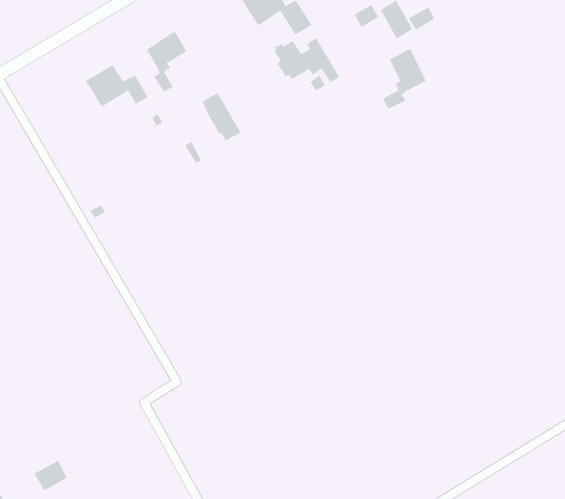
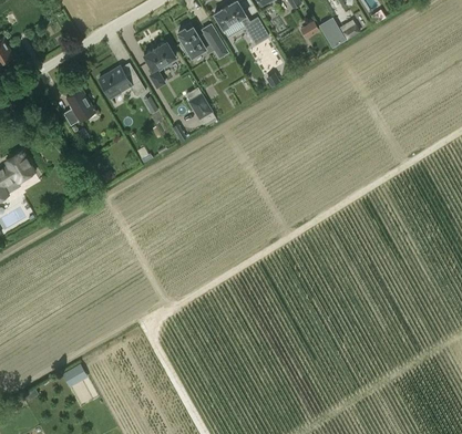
building: [274,37,340,83] -> [178,24,228,59]
building: [382,48,427,110] -> none
building: none -> [63,89,95,126]

